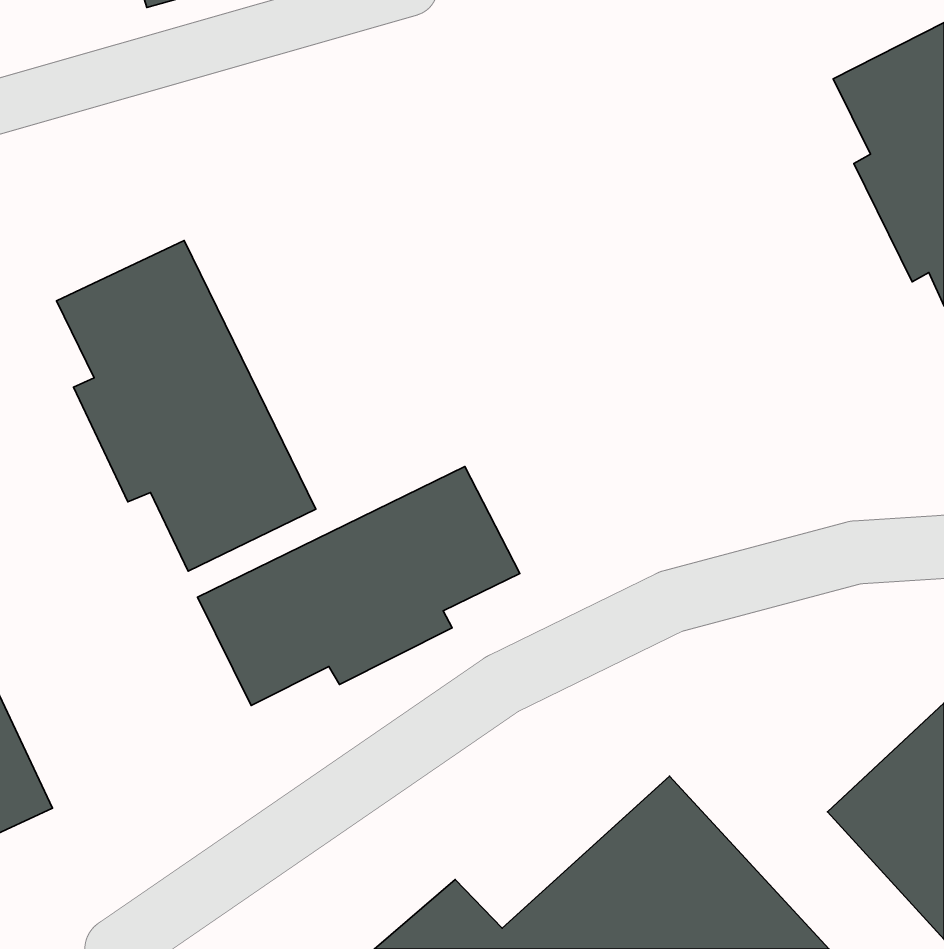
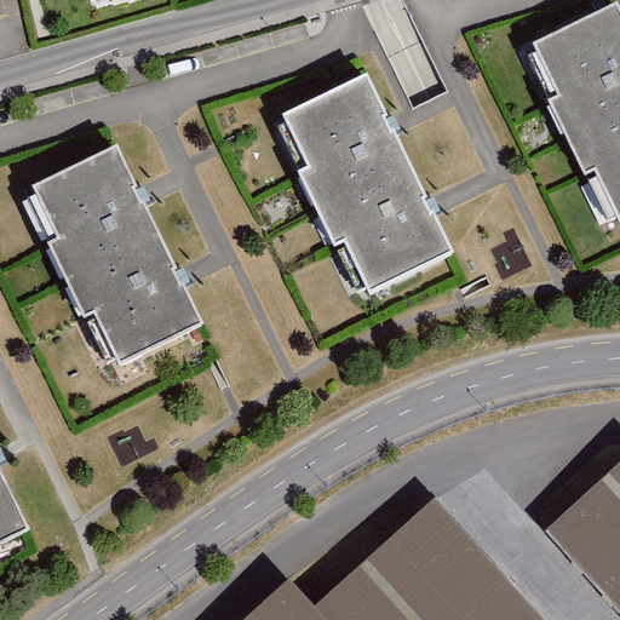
building: none -> [287,81,457,295]
building: [198,466,520,705] -> none

